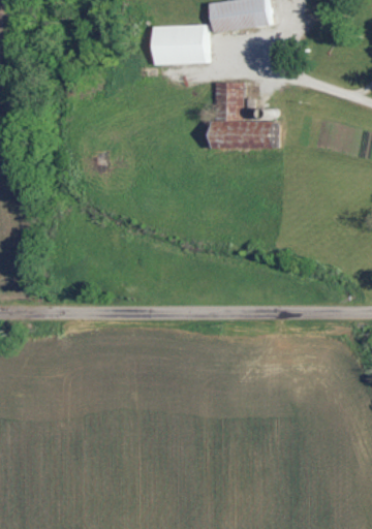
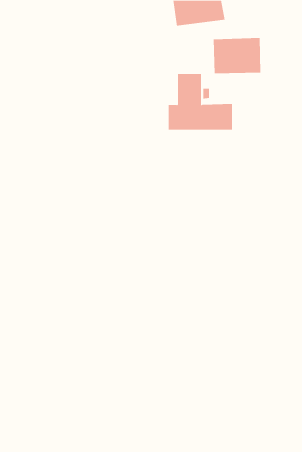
building: [153,22,208,63] -> [213,37,261,74]

